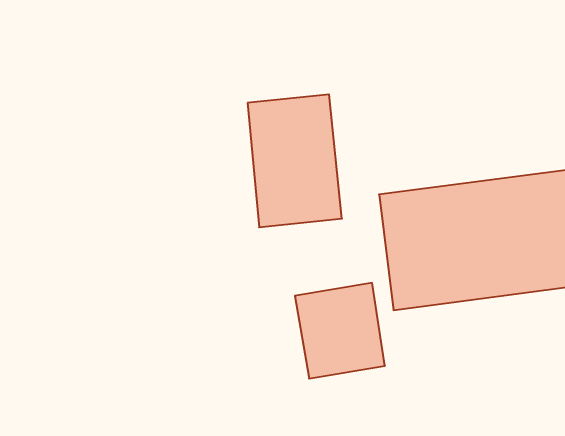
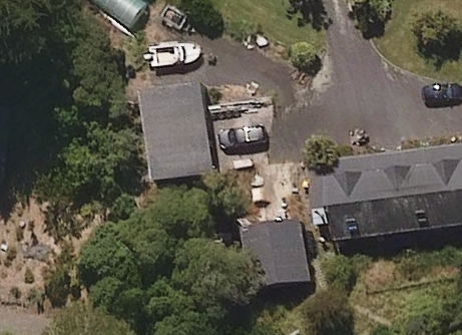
building: [248,94,342,227] -> [145,87,211,181]

